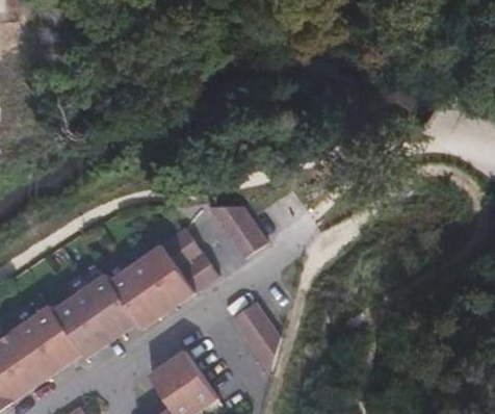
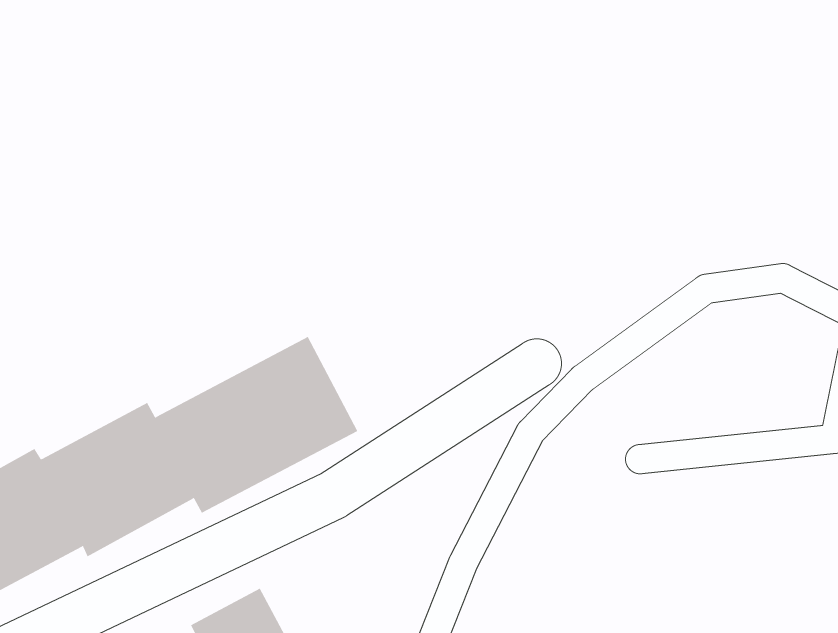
building: [204,217,264,269] -> none
building: [231,300,279,369] -> none

